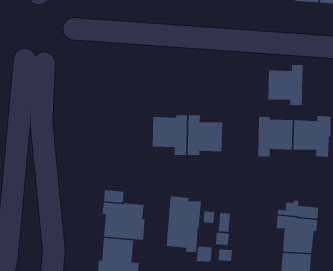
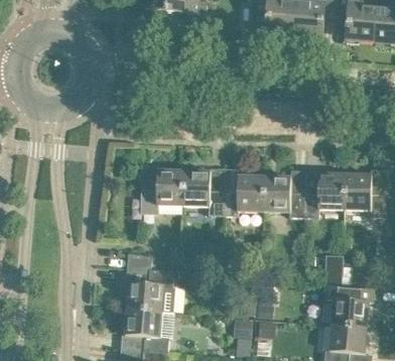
building: [267,64,303,106] -> [263,170,304,218]
building: none -> [140,164,183,213]
building: [166,196,202,253] -> none

